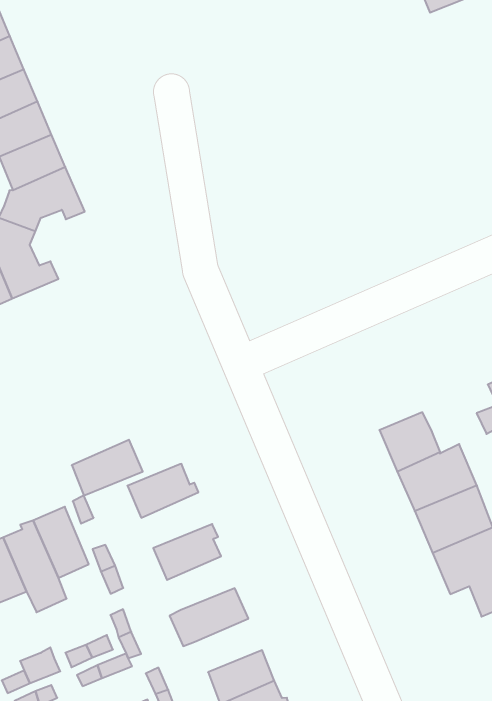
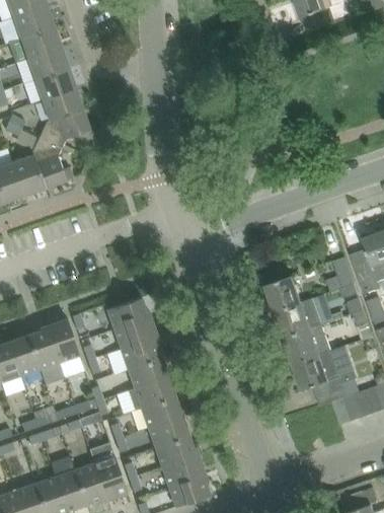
building: [72,440,143,496] -> [113,316,157,349]
building: none -> [127,357,168,388]
building: none -> [141,396,182,428]

